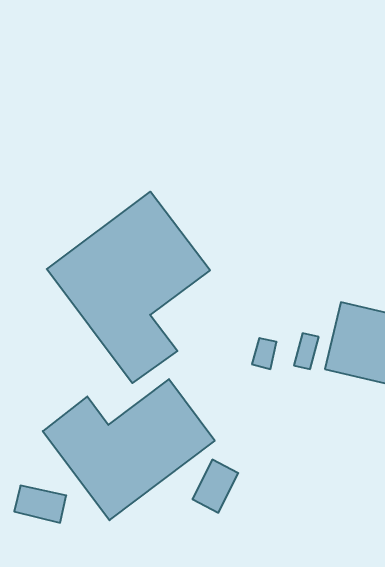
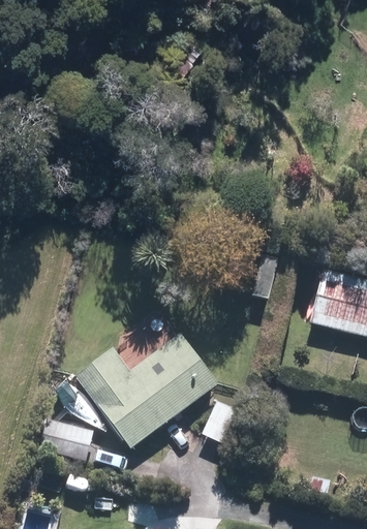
building: [47,192,210,383] -> none

